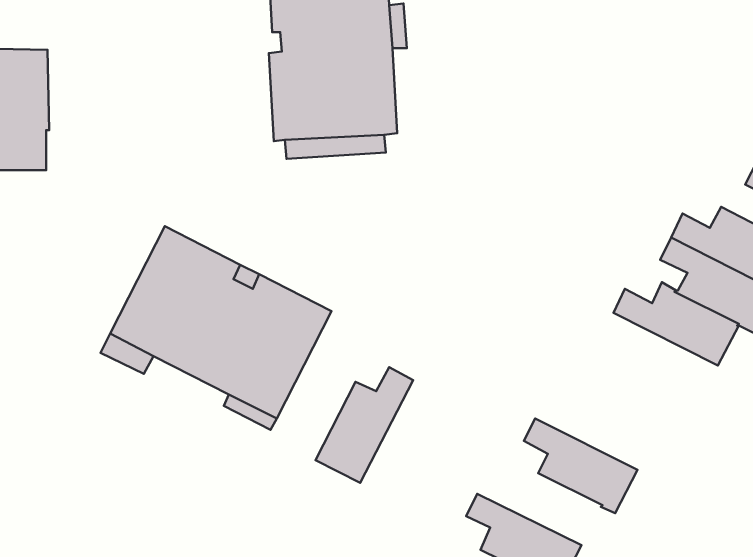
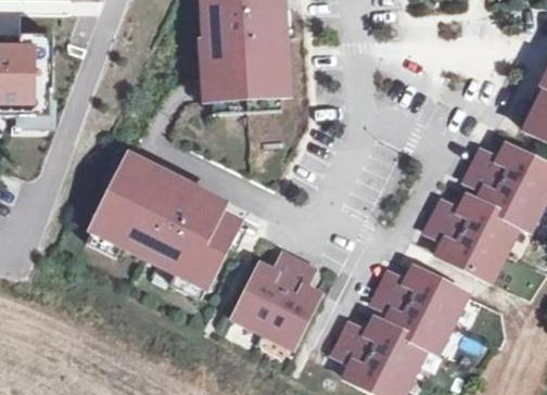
building: none -> [425,214,504,279]
building: none -> [262,259,317,343]
building: none -> [380,265,465,320]
building: none -> [341,316,425,371]

